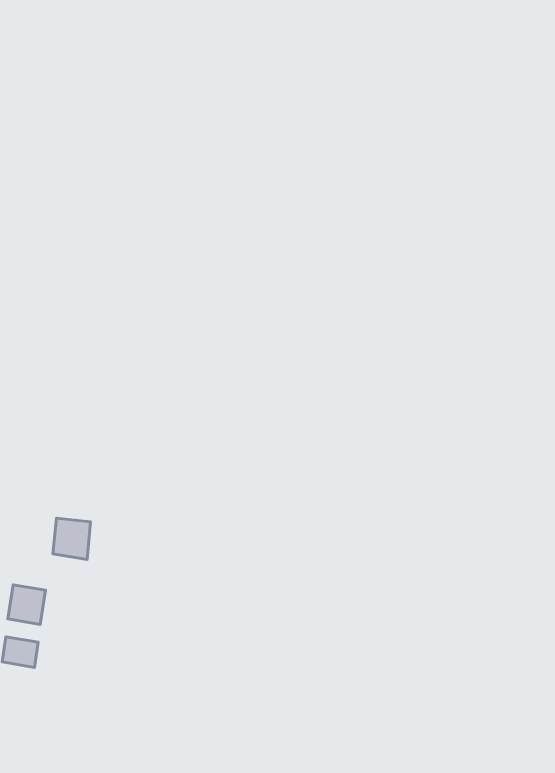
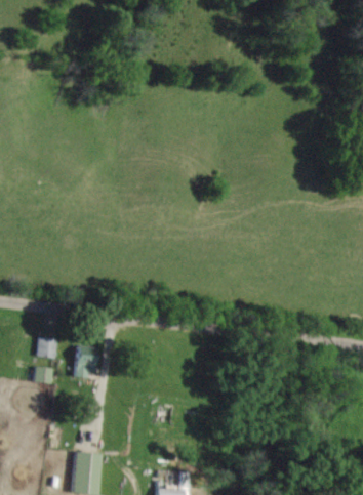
building: [53,518,91,559] -> [74,353,95,376]

